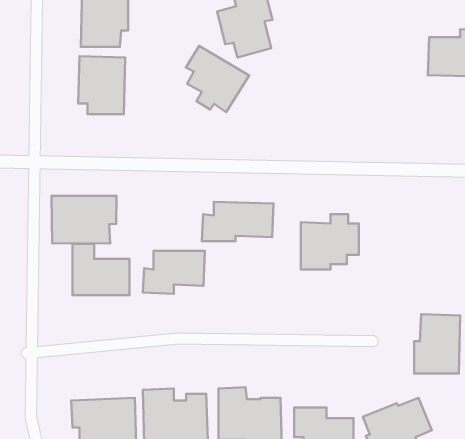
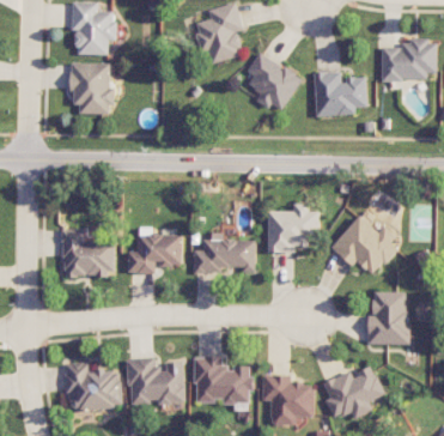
building: [186,46,249,112] -> [245,52,302,110]
building: none -> [312,71,366,116]
building: [51,196,116,244] -> none
building: [202,202,273,241] -> [191,238,255,273]
building: none -> [330,214,399,275]

